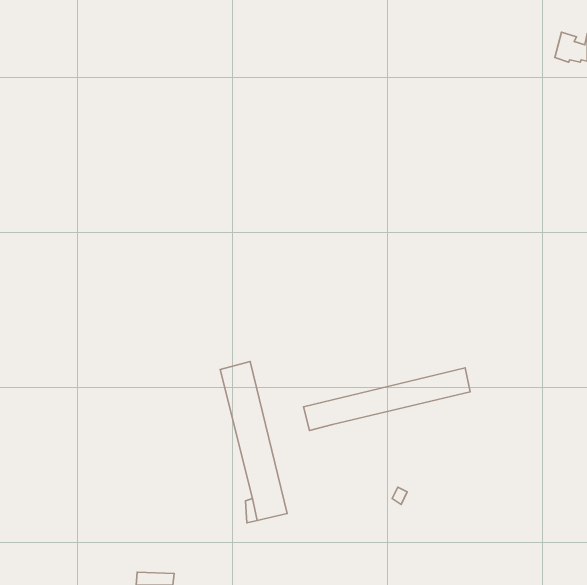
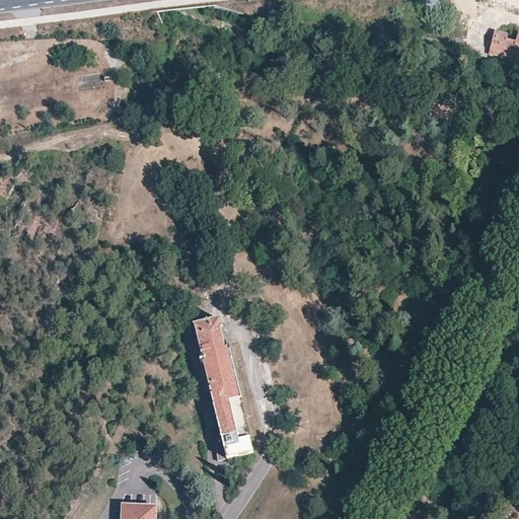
building: [303,368,470,430] -> none

